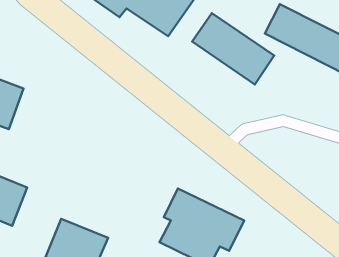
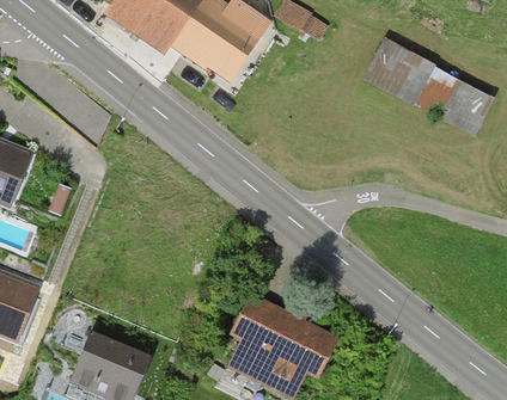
building: [192,13,274,84] -> none

